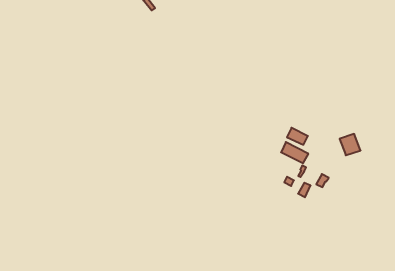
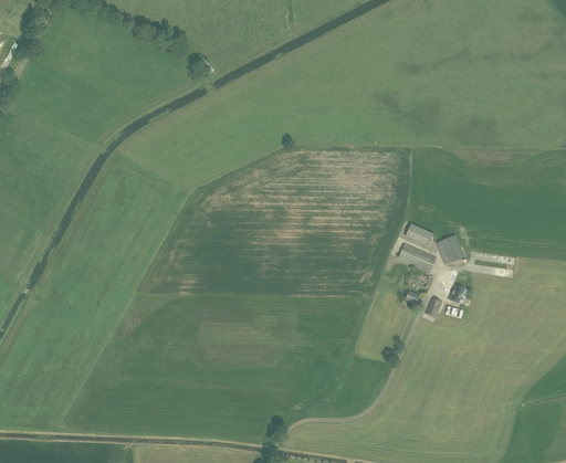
building: [340,134,361,155] -> [434,234,464,264]

